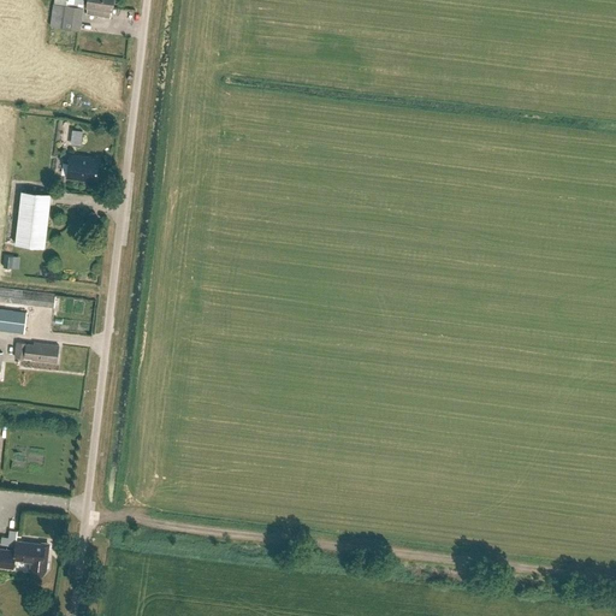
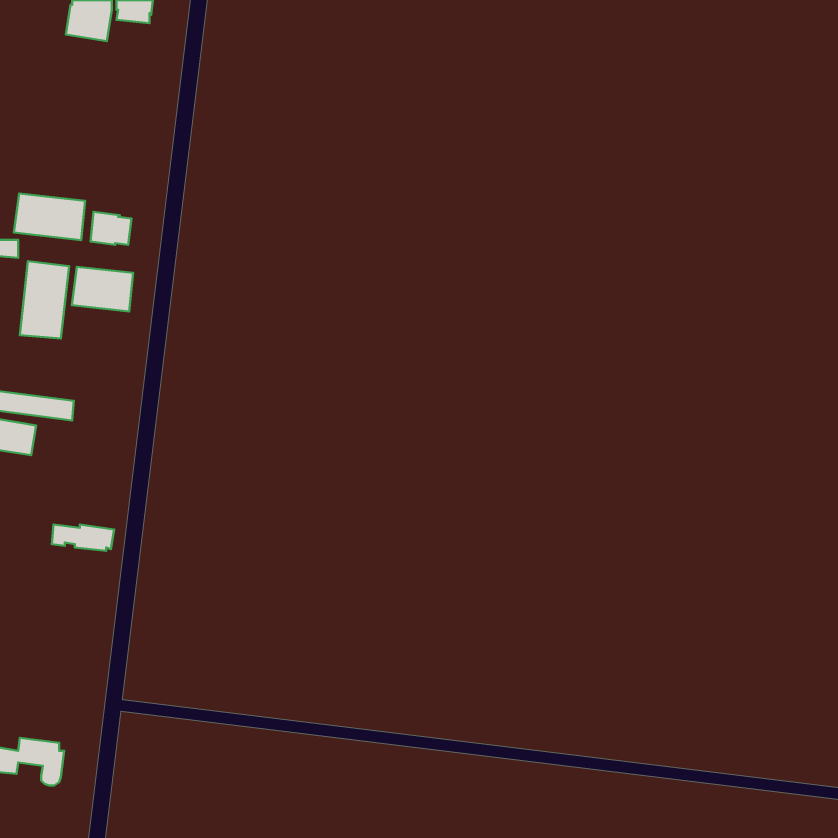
building: none -> [14,194,85,240]
building: none -> [72,267,133,312]
building: [12,343,58,362] -> [52,524,114,551]

